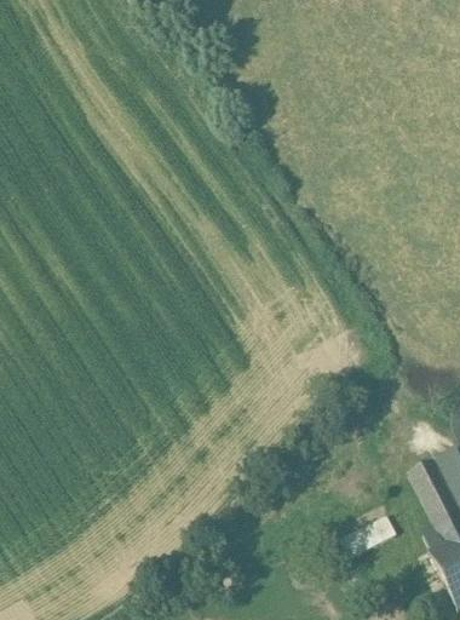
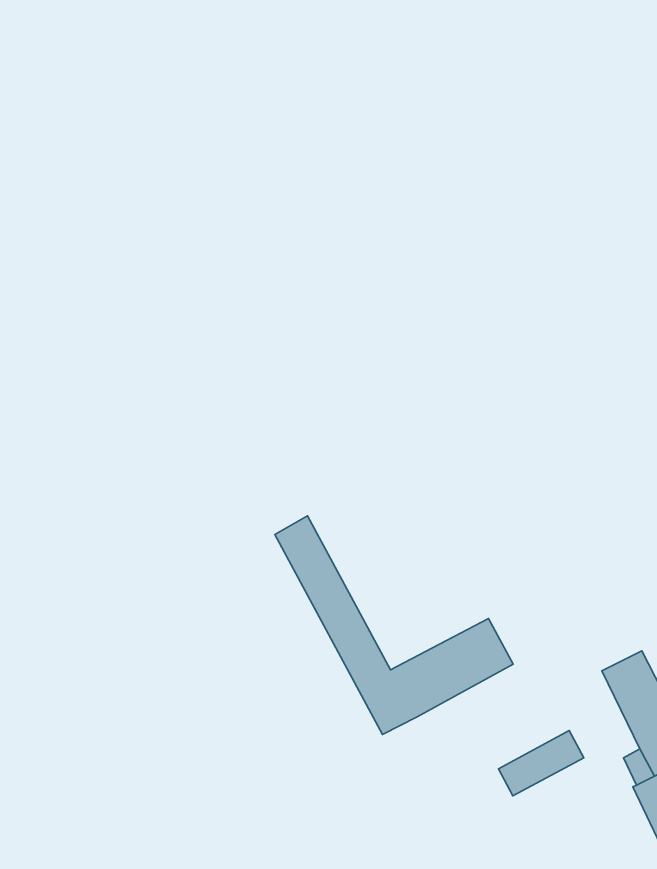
building: none -> [275,516,513,735]

